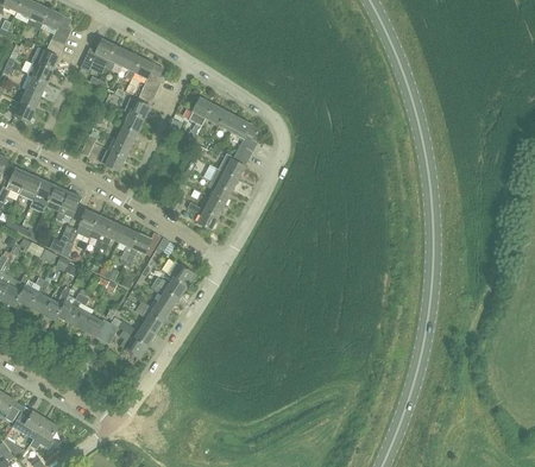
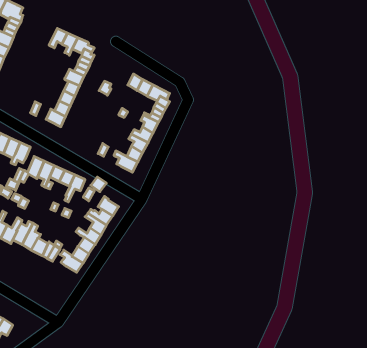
building: [78,39,114,71] -> none
building: [185,97,212,139] -> none

